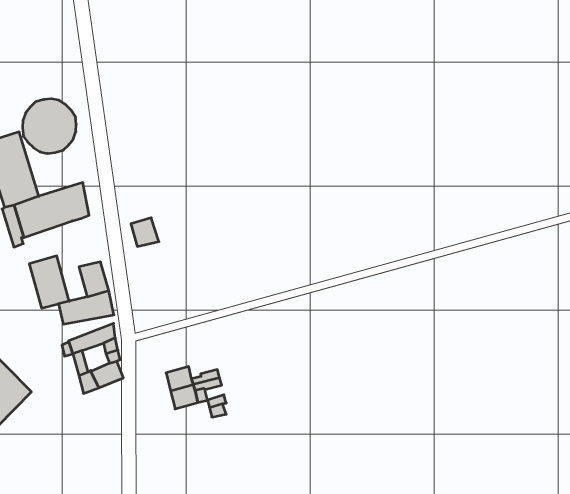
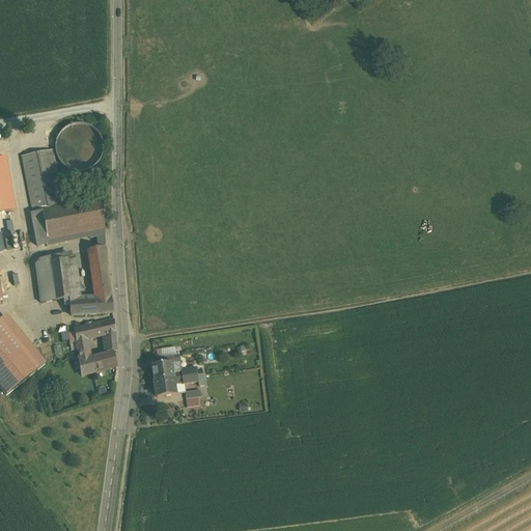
building: [131,218,159,246] -> [86,244,108,267]
building: none -> [35,254,54,301]

